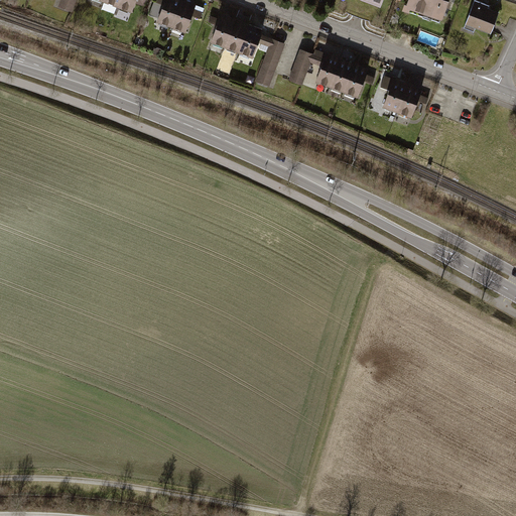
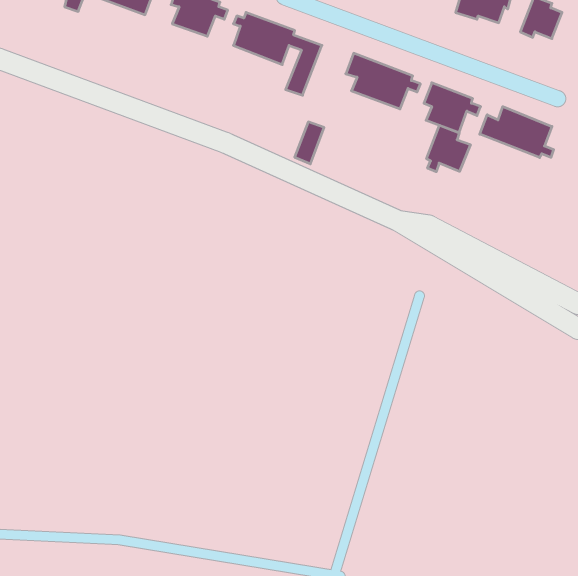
building: [286,47,312,85] -> [295,122,324,164]
building: none -> [480,107,554,158]
building: none -> [427,125,470,172]

